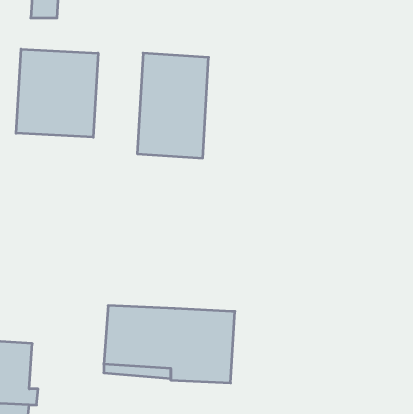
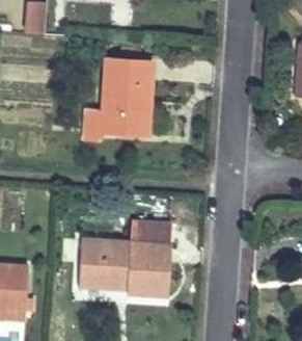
building: [16,49,98,137] -> none
building: none -> [129,219,171,243]

